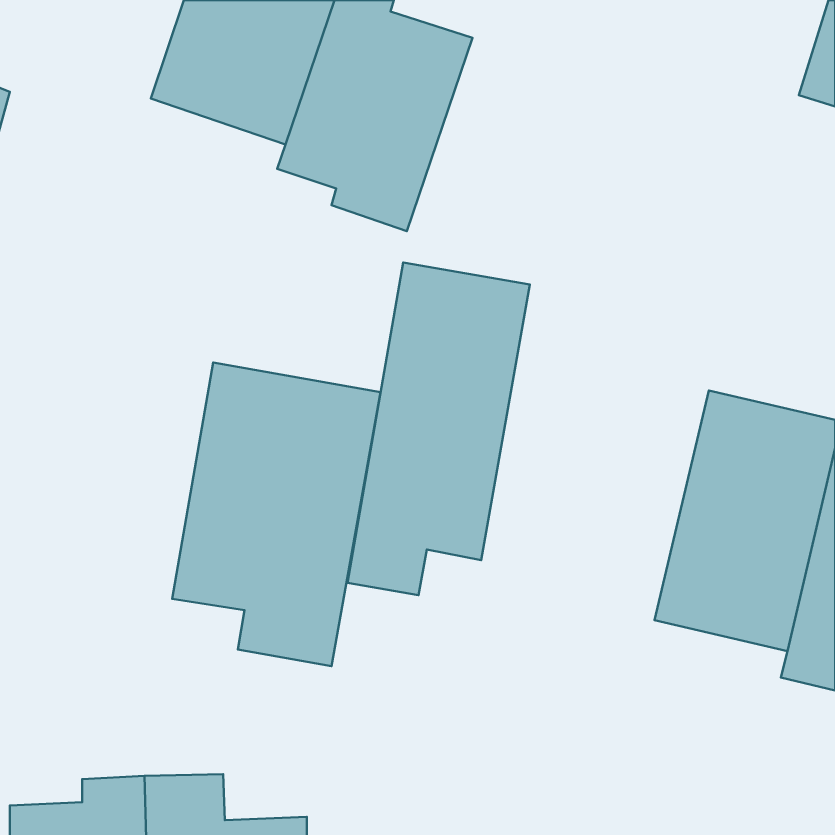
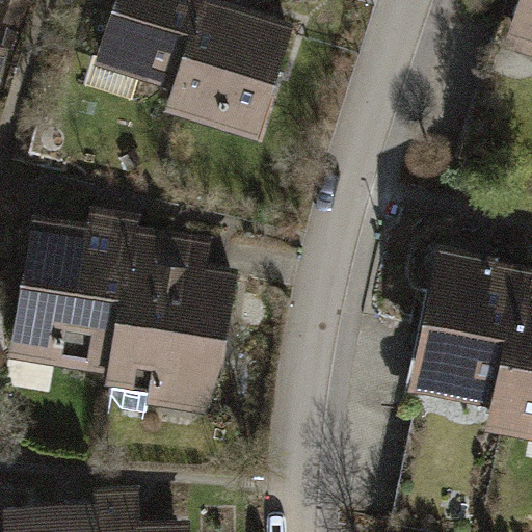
building: [348,262,530,595] -> none
building: none -> [6,211,137,381]

